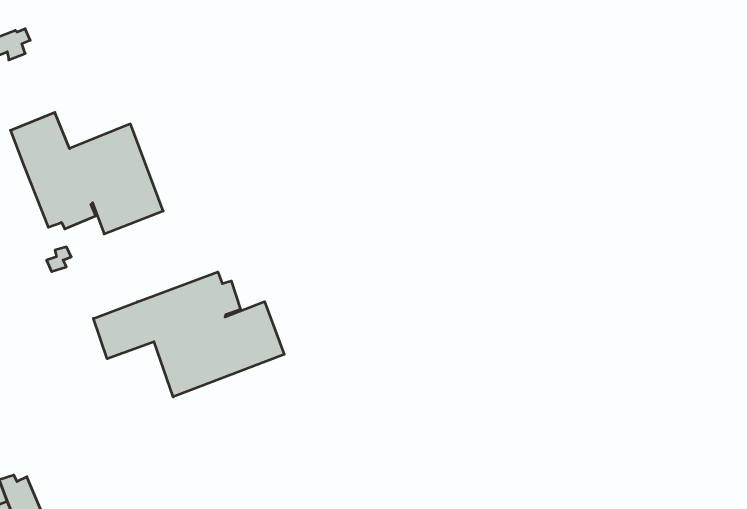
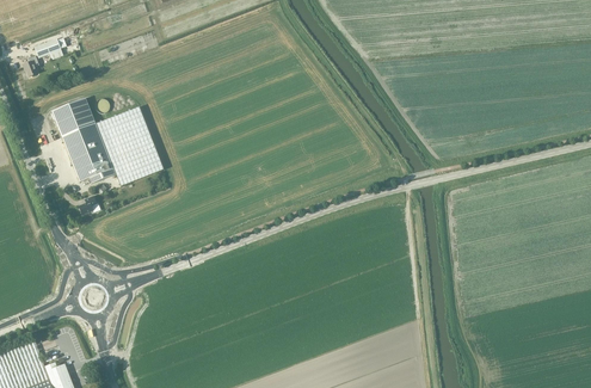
building: [93,272,284,397] -> none

